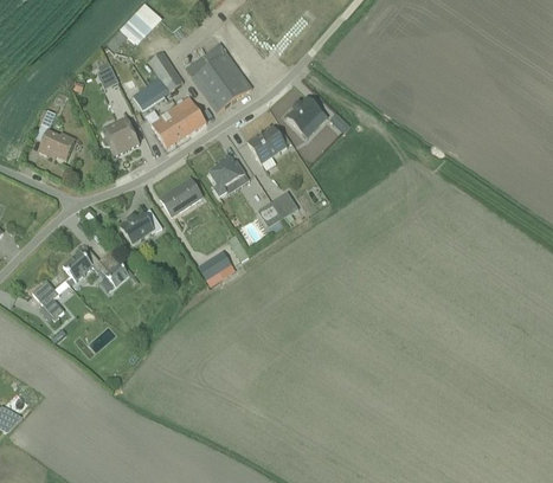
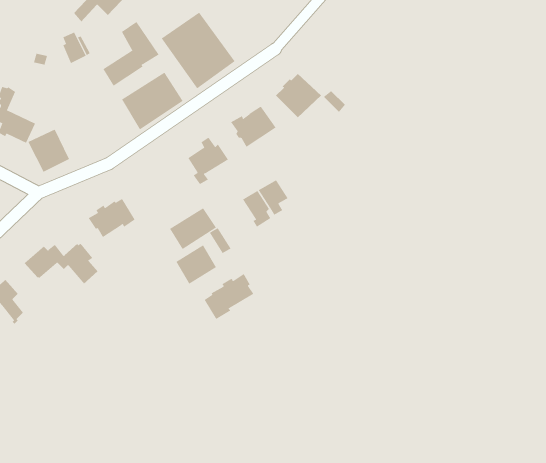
building: [101,116,139,155] -> [27,129,70,173]
building: [160,179,202,217] -> [169,207,217,250]
building: none -> [204,273,254,320]

